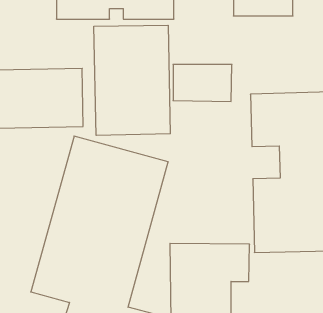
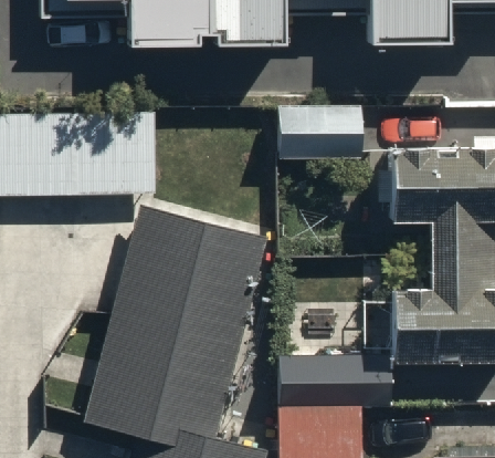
building: [94,25,170,135] -> none

